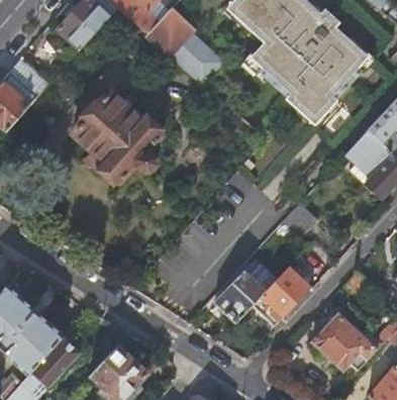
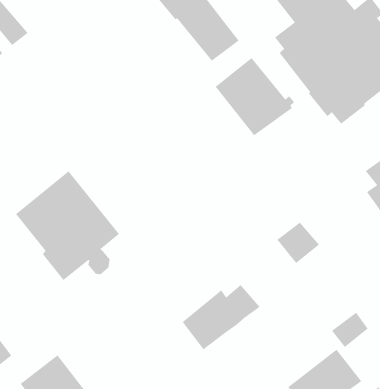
building: none -> [215,57,295,136]
building: [71,88,160,180] -> [15,170,120,281]
building: [252,266,311,327] -> none

